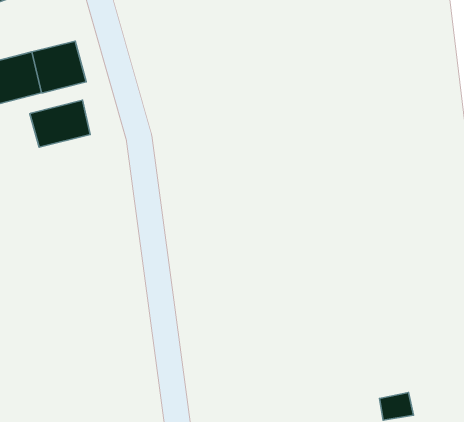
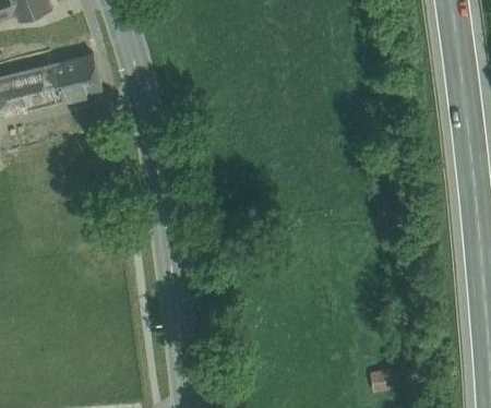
building: [30,100,90,147] -> none

